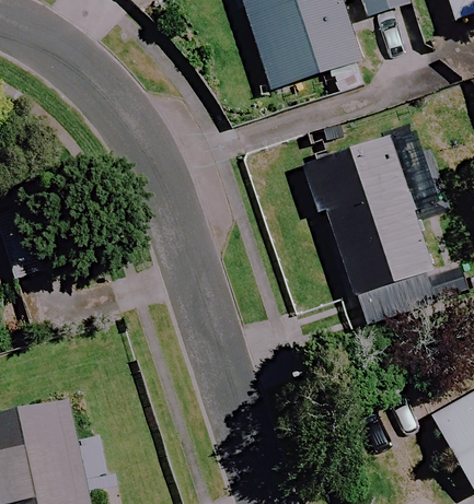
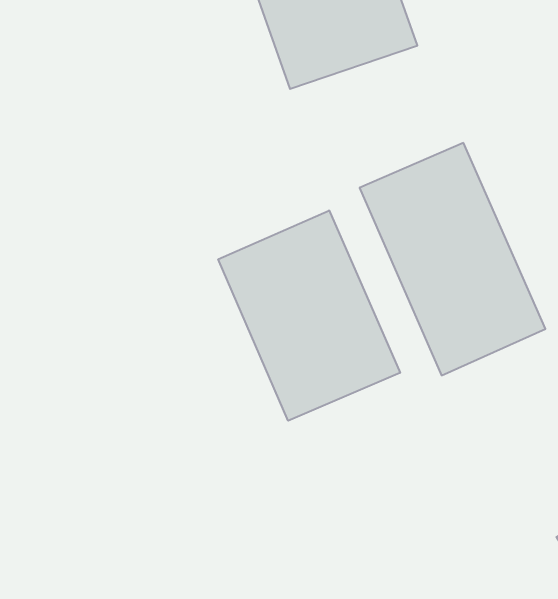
building: none -> [218,210,400,421]

